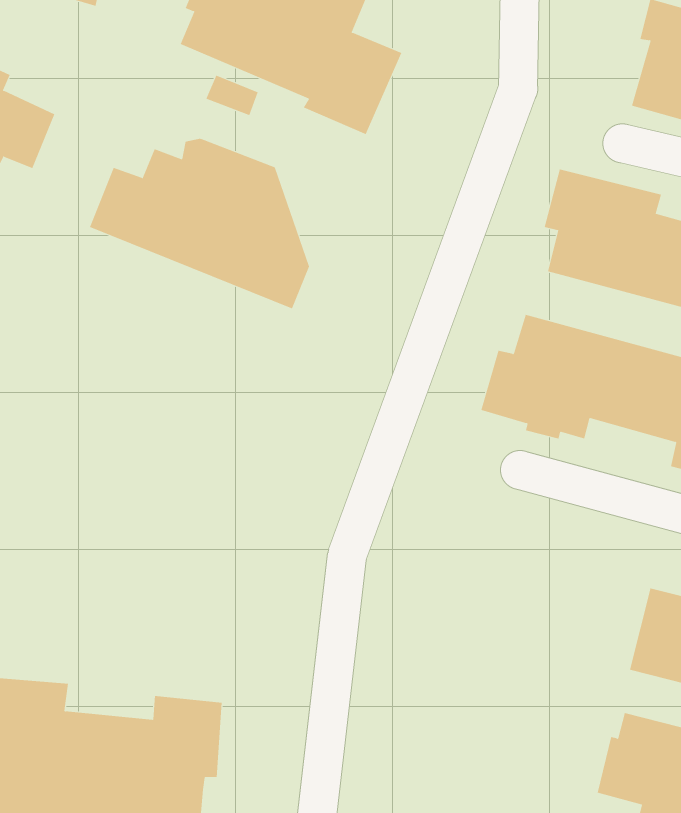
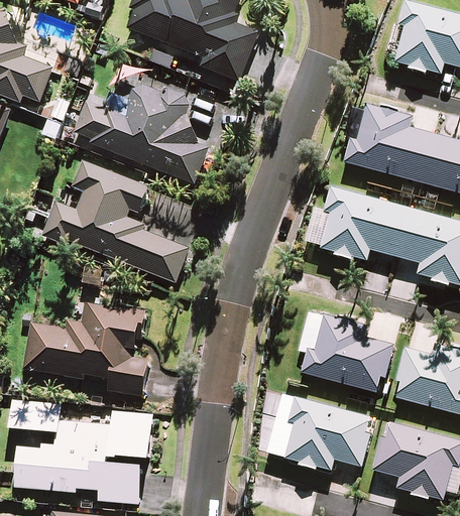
building: none -> [42,158,189,281]
building: none -> [25,302,145,395]
building: none -> [299,310,390,391]
building: none -> [267,393,373,469]

